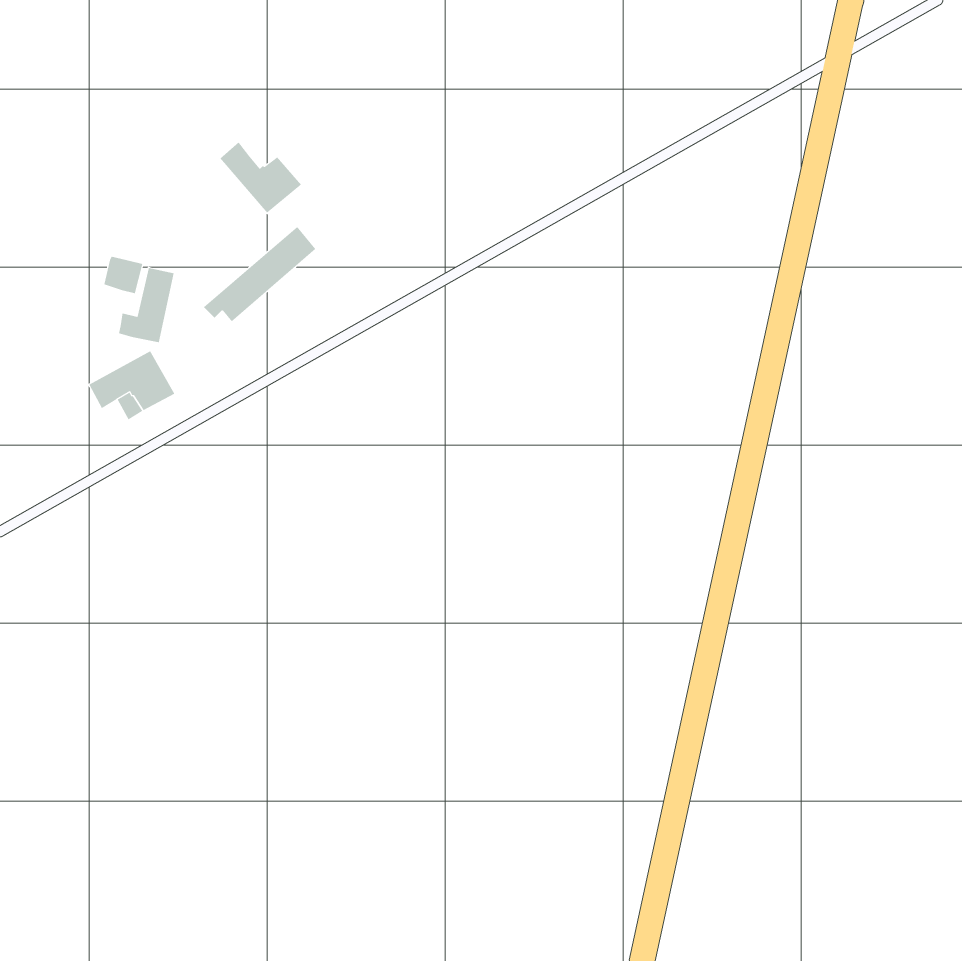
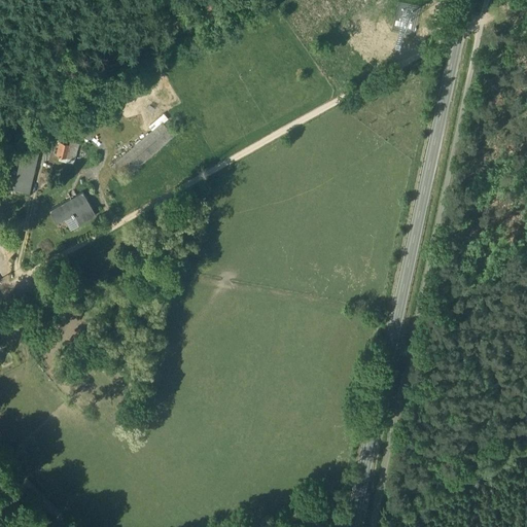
building: [220,142,302,214] -> none
building: [118,267,175,343] -> [6,152,37,194]

